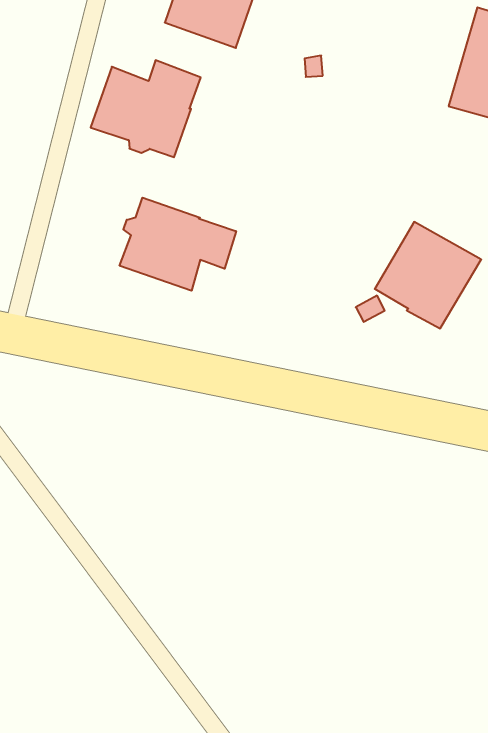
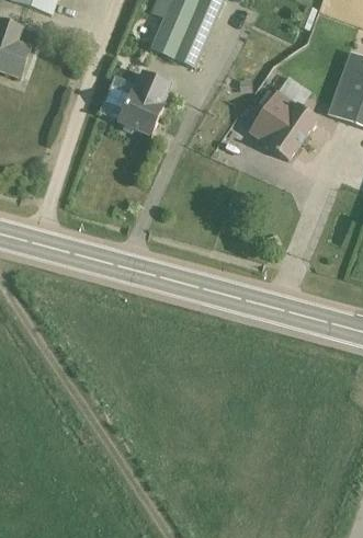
building: [120,198,236,291] -> none
building: [375,222,481,328] -> [248,89,318,159]

